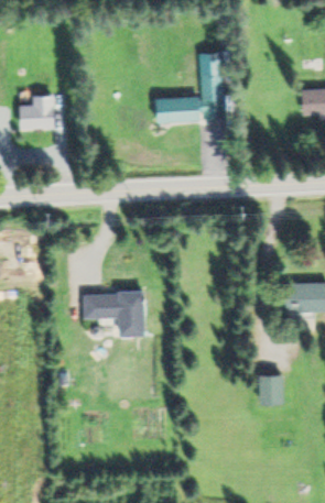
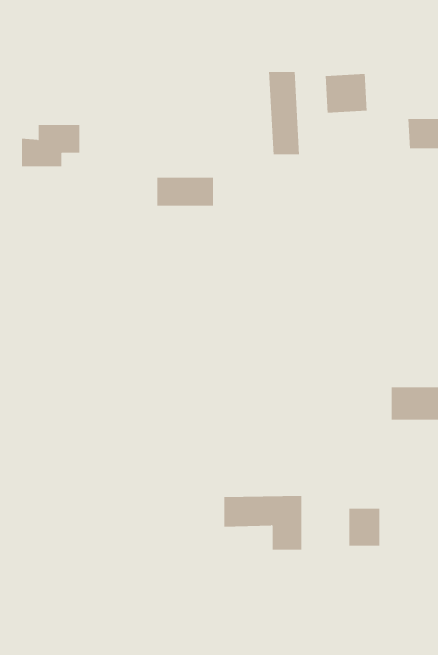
building: none -> [325,73,367,113]
building: [156,101,198,122] -> [156,177,214,206]
building: [84,294,141,333] -> [223,495,302,550]

